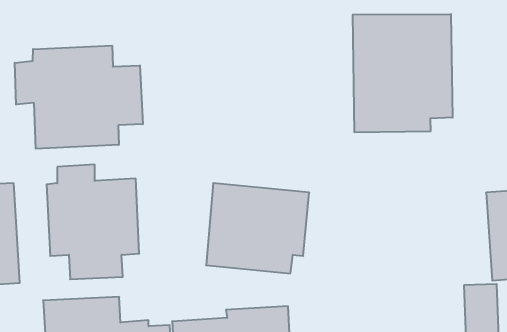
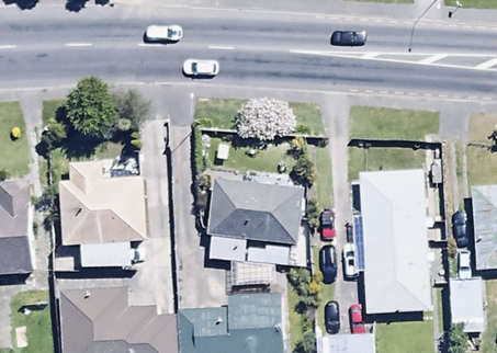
building: [353,14,453,132] -> none
building: [15,46,143,149] -> none
building: none -> [351,172,440,314]

